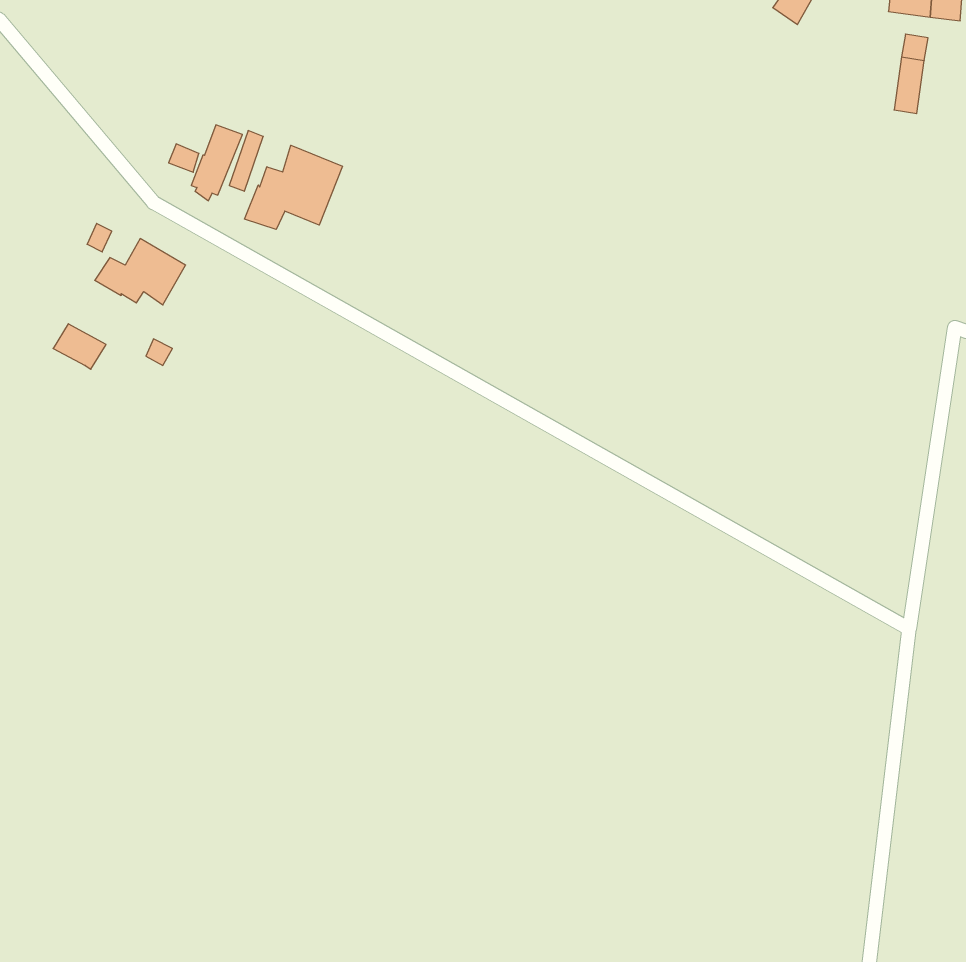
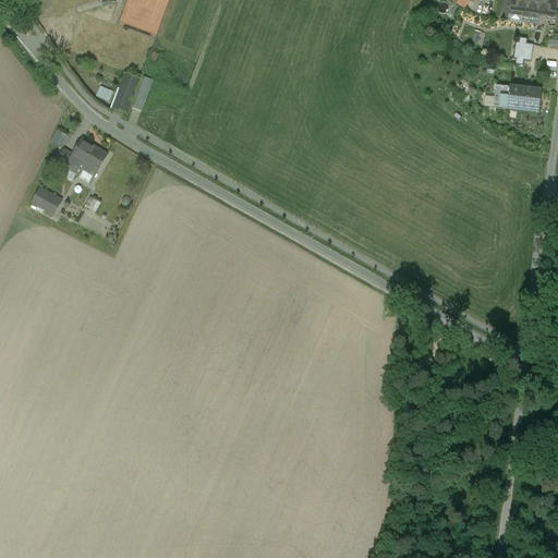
building: [244,145,342,229] -> none
building: none -> [509,85,539,110]

